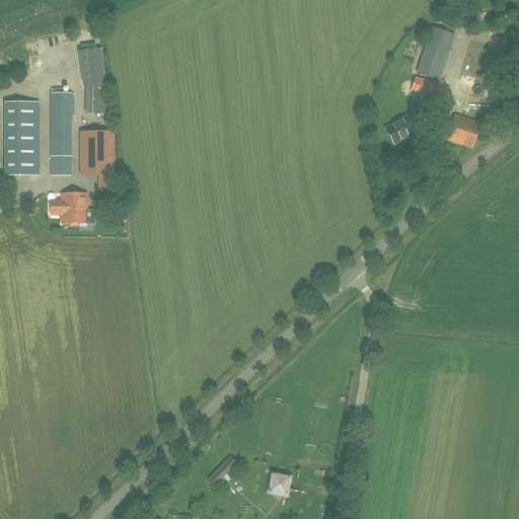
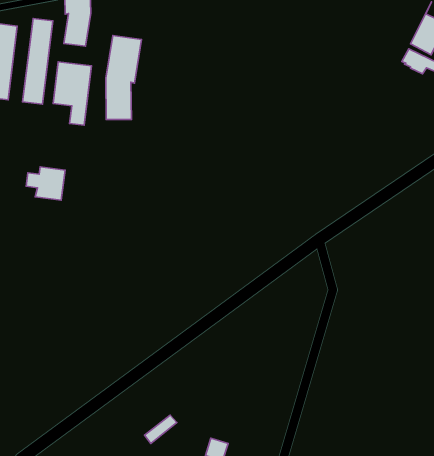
building: none -> [106,35,141,119]
building: [384,108,417,142] -> none
building: [50,192,85,221] -> [26,167,65,200]

